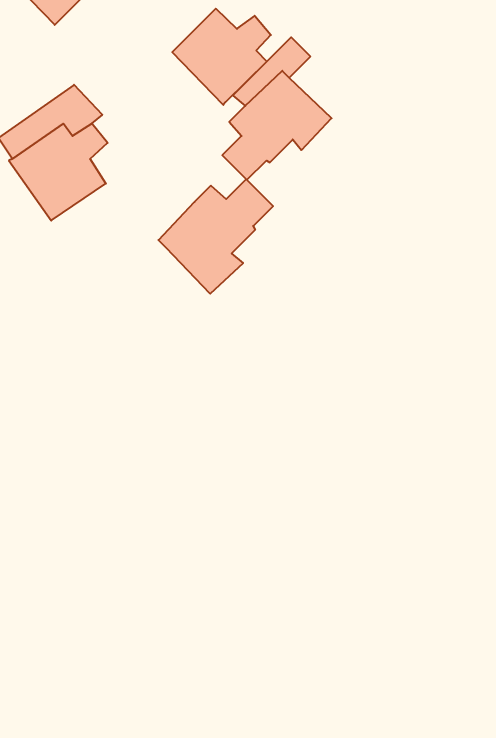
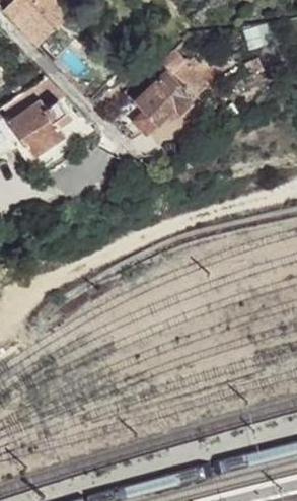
building: [172,9,271,105] -> none
building: [158,179,273,294] -> none

